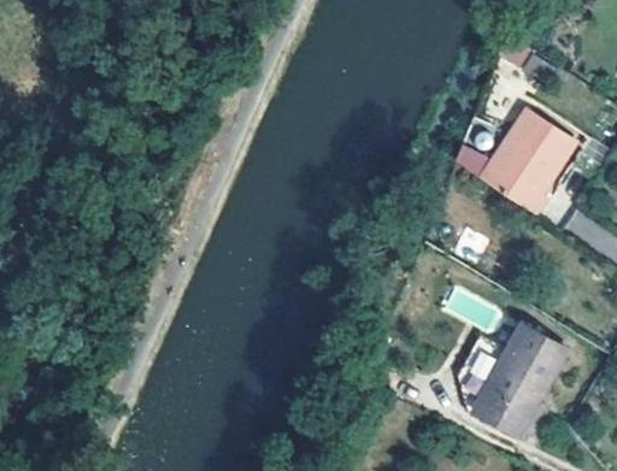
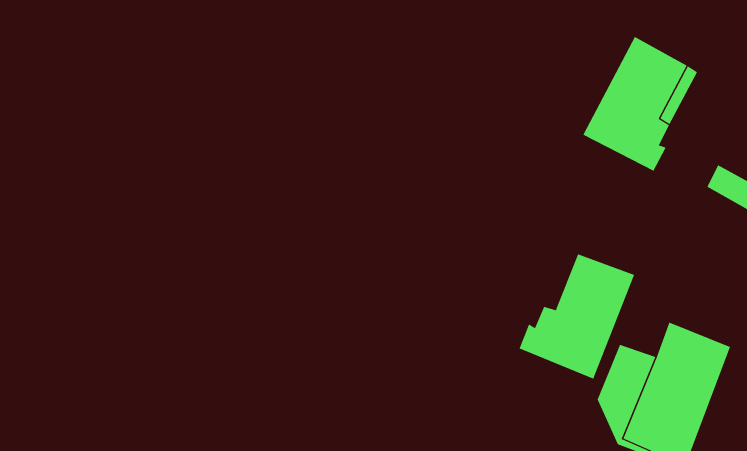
building: none -> [519,253,635,379]

